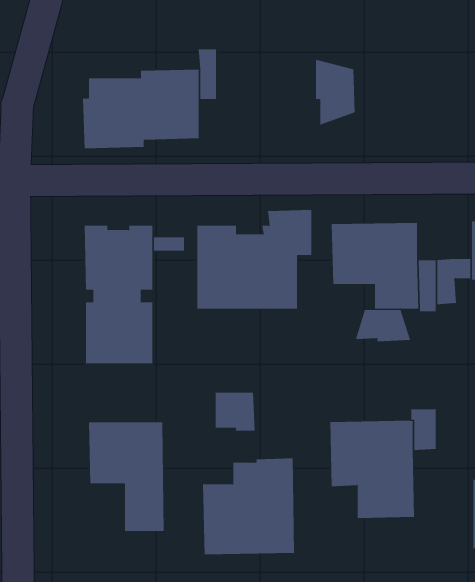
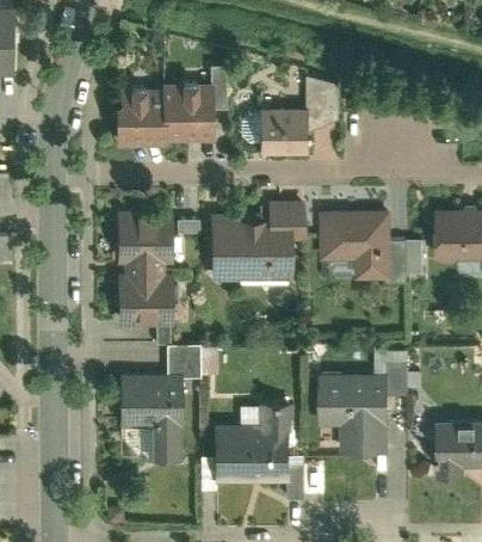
building: none -> [258,109,310,154]
building: [355,309,411,342] -> none
building: [215,392,255,431] -> [163,345,197,377]

